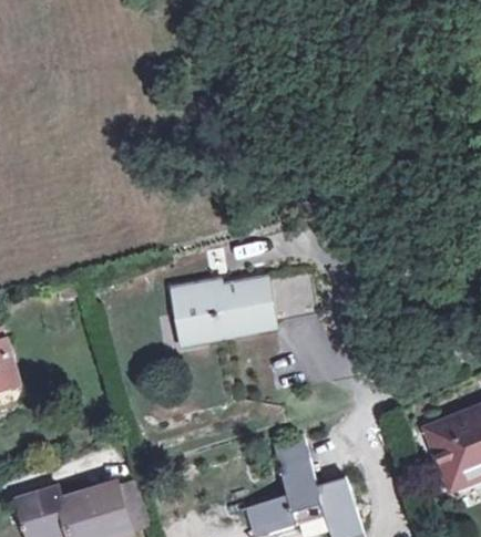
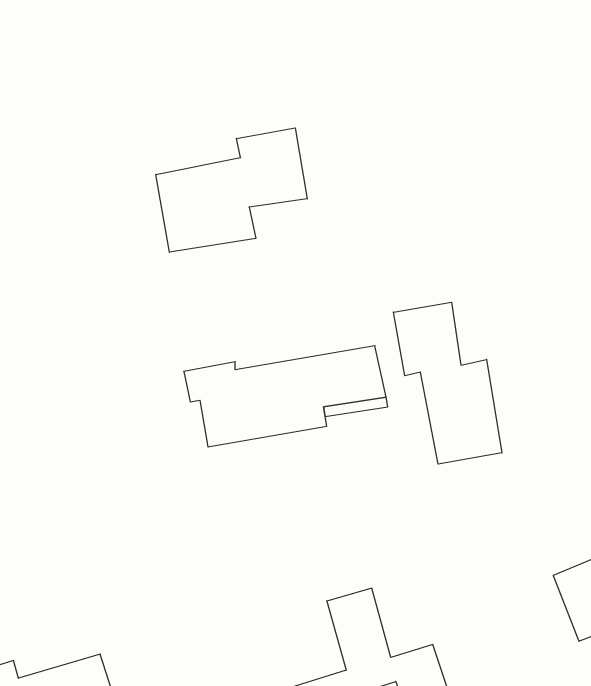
building: none -> [156,128,307,252]
building: none -> [393,302,502,464]

